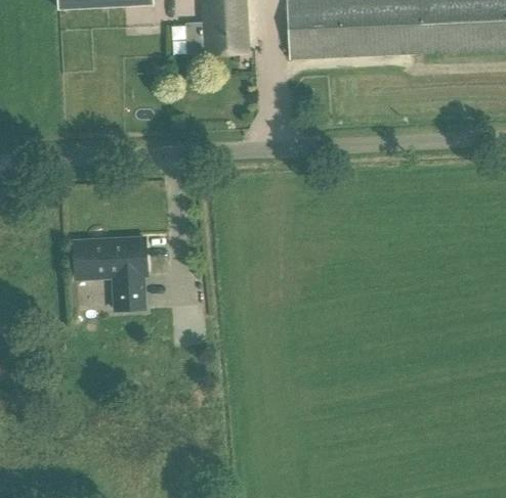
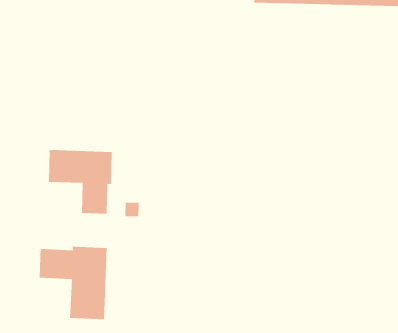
building: none -> [39,246,107,320]

